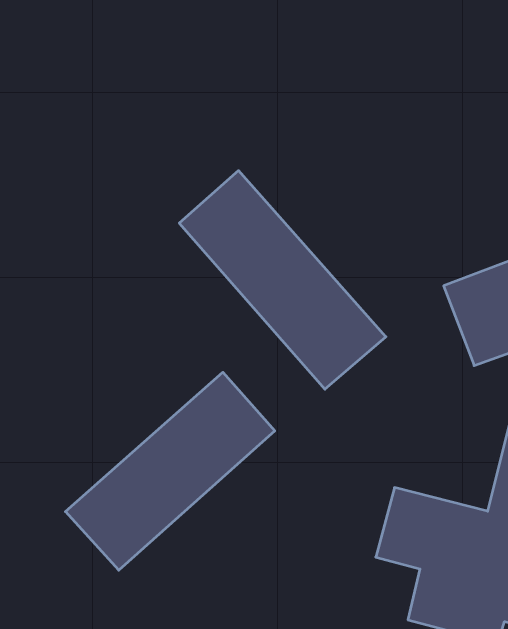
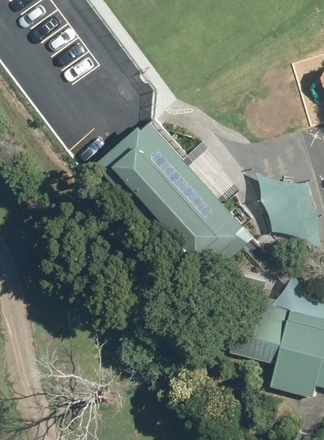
building: [65,372,275,570] -> none

